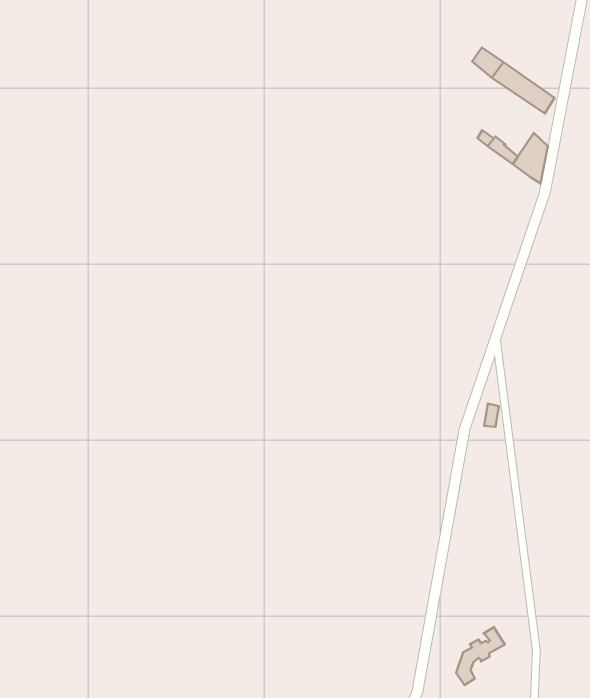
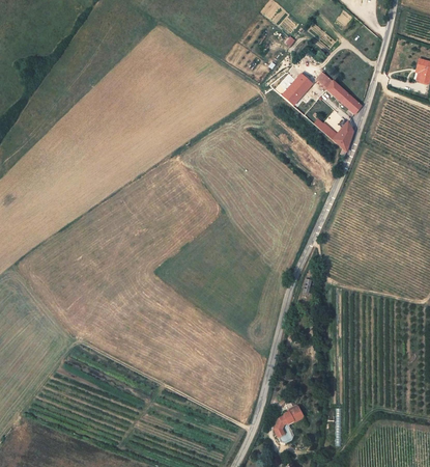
building: none -> [283,75,313,106]

